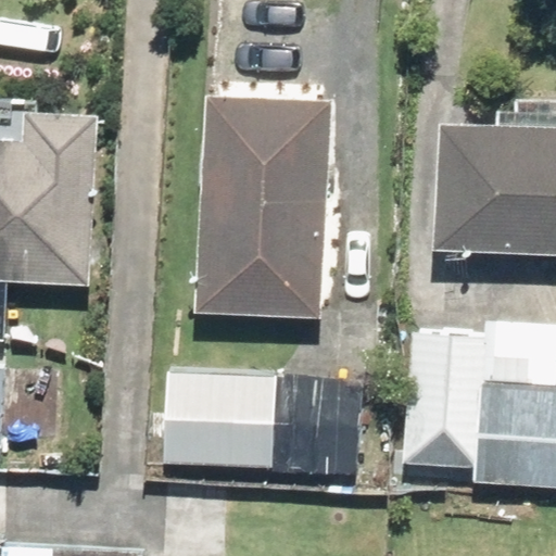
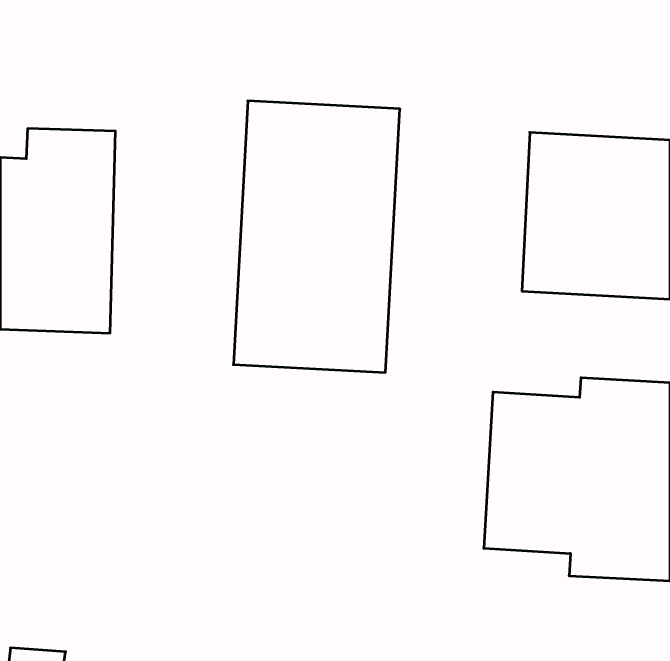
building: [161,374,365,476] -> none

